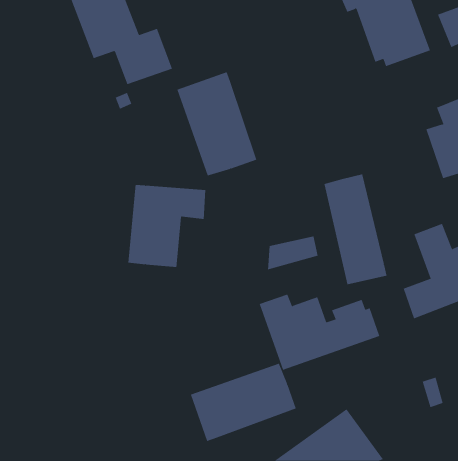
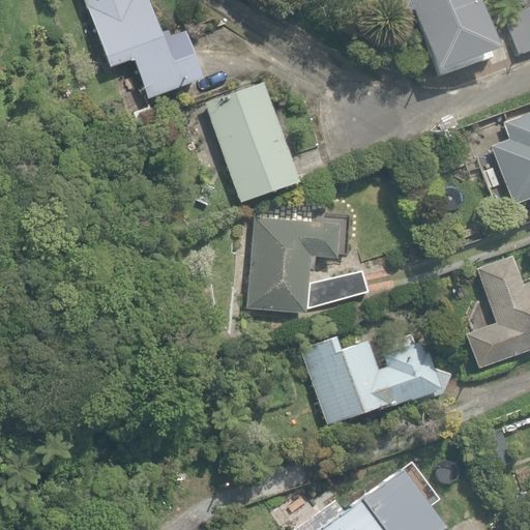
building: [324,173,387,285] -> none
building: [128,184,206,268] -> [248,217,338,313]
building: [190,363,297,442] -> none

